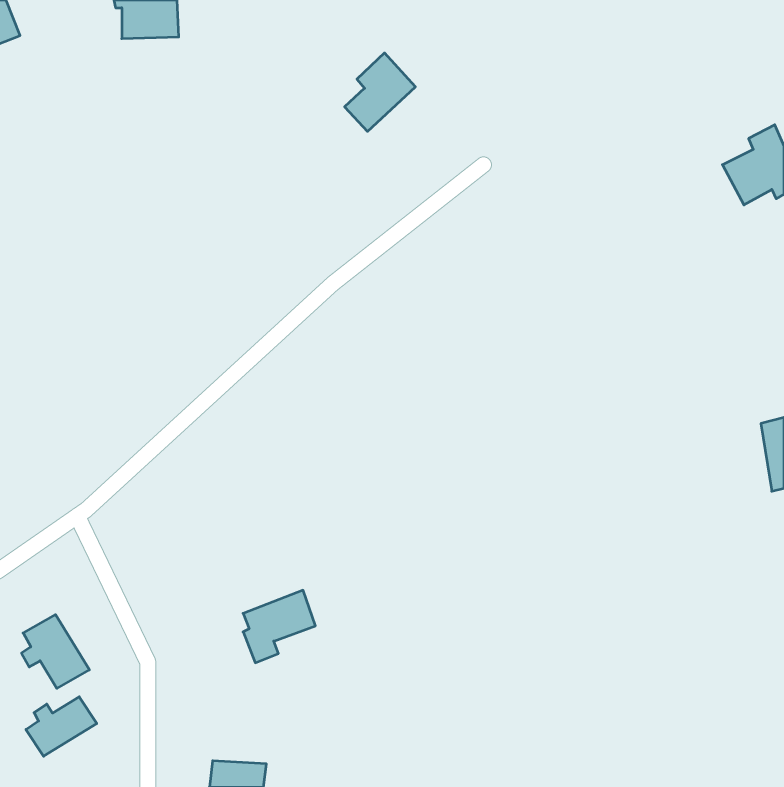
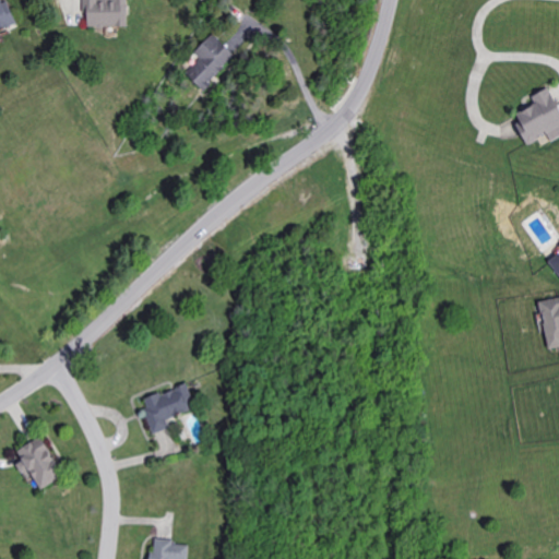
building: [345,53,415,131] -> [185,34,235,90]
building: [243,590,315,663] -> [144,382,195,433]
building: [26,697,97,756] -> none

